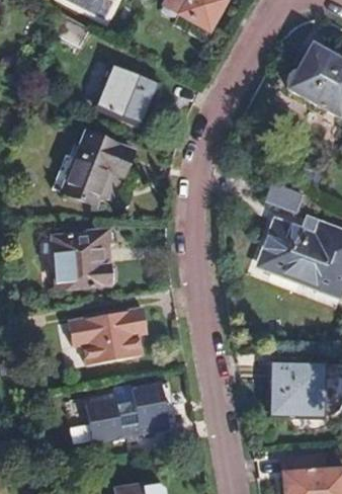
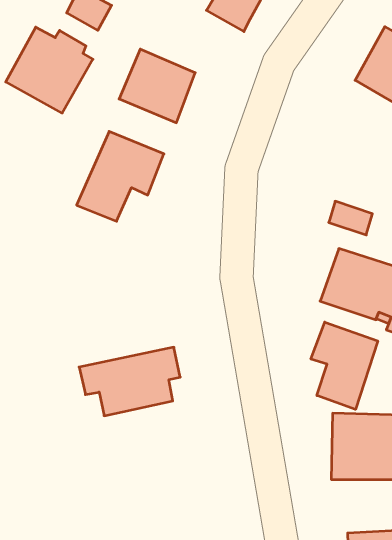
building: none -> [6,27,93,113]
building: [54,234,114,290] -> none
building: none -> [311,322,378,409]
building: [82,378,173,440] -> none

